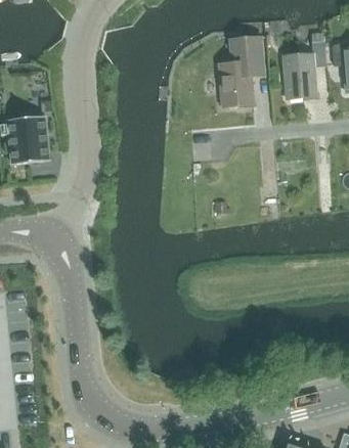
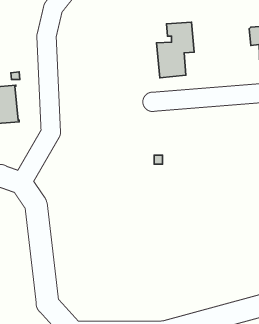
building: [282,36,326,98] -> none

